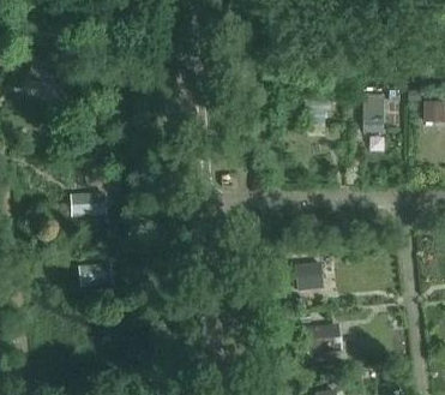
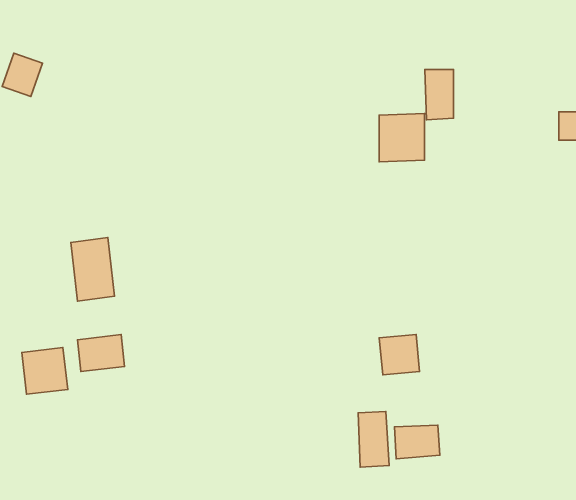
building: [362,98,383,134] -> [425,70,453,120]
building: none -> [22,348,68,394]
building: none -> [358,412,389,467]

